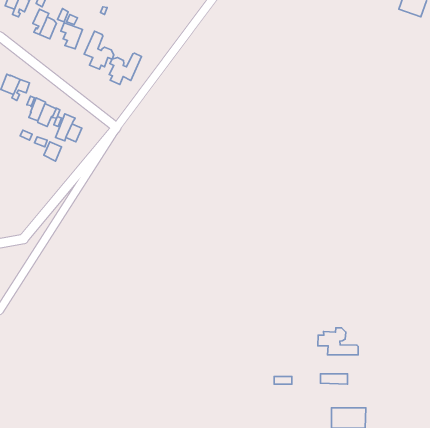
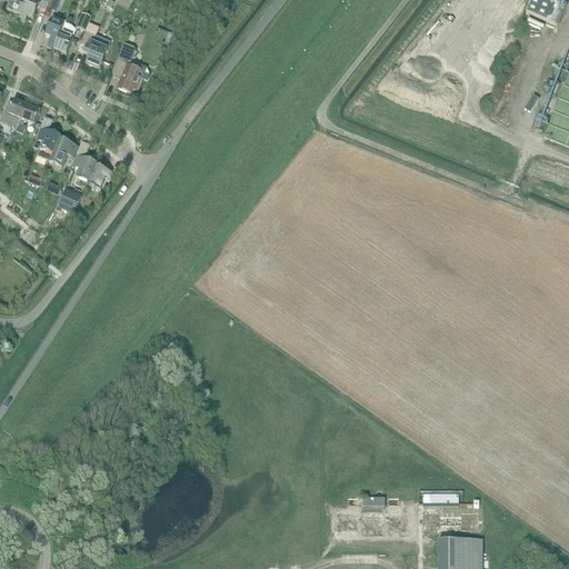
building: [109,53,142,85] -> none
building: [318,328,358,355] -> none

